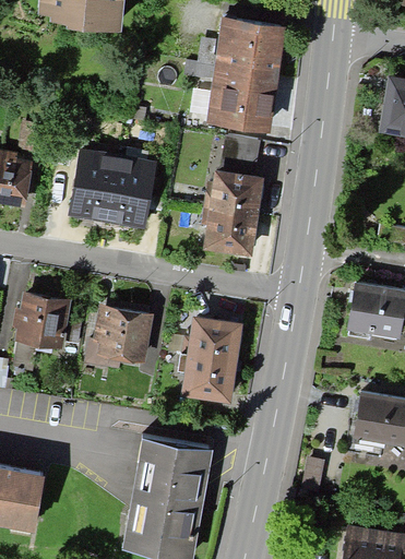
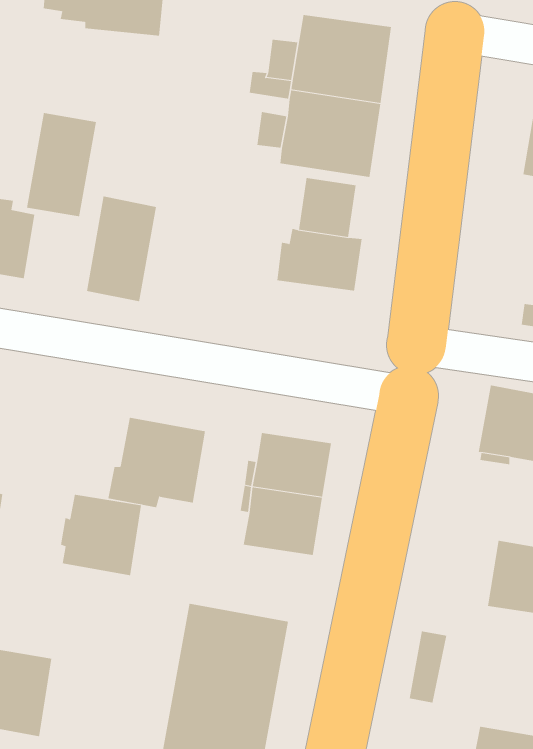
building: [107,155,157,229] -> [26,112,97,217]
building: [201,207,260,257] -> none
building: [13,292,71,349] -> [60,494,142,576]

